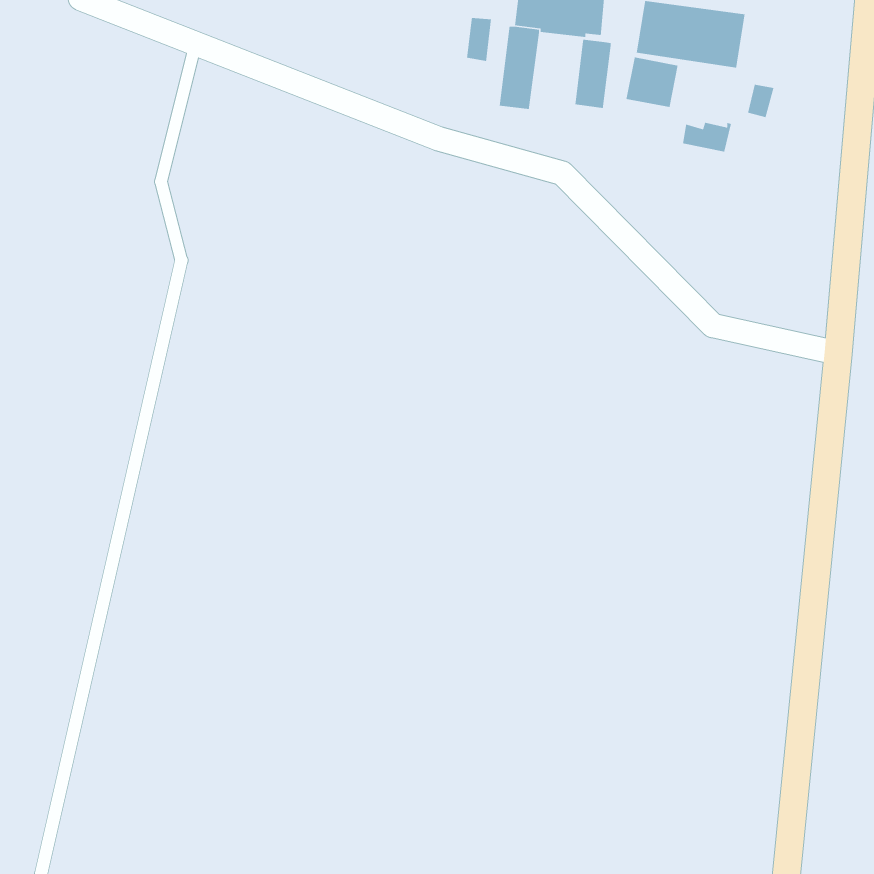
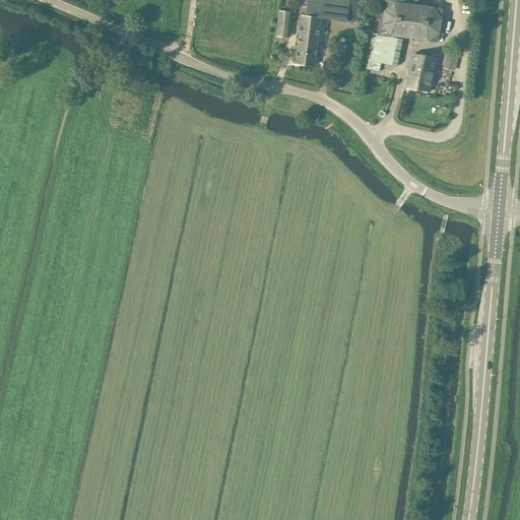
building: [574,39,612,109] -> none
building: none -> [407,53,438,76]

